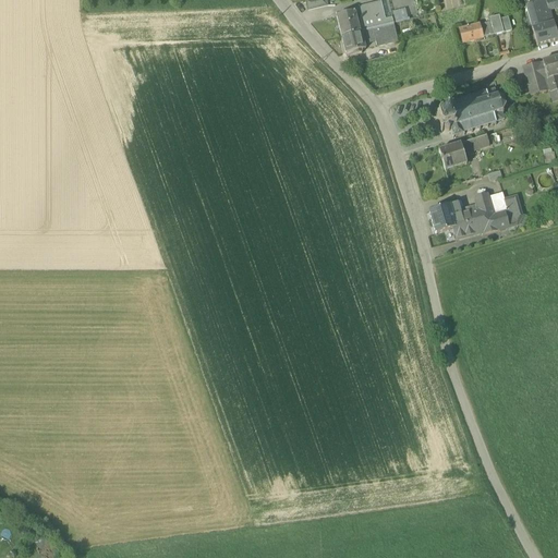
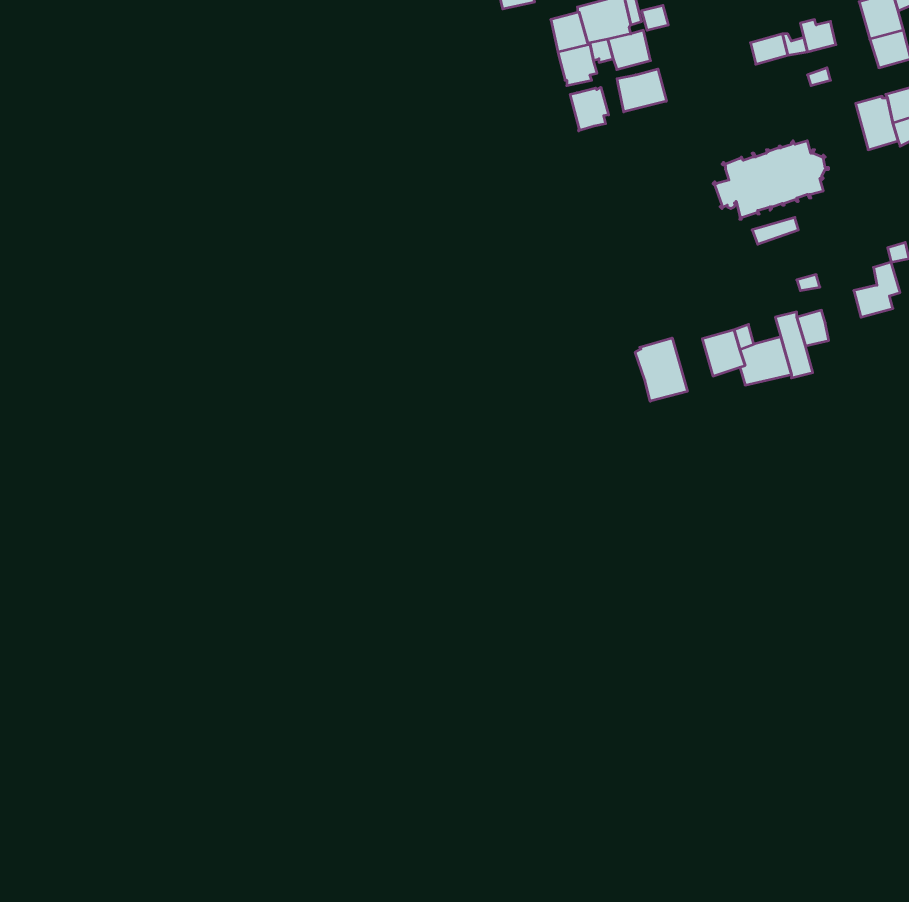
building: none -> [617,69,666,112]
building: none -> [570,87,609,131]
building: [439,141,468,167] -> none
building: [494,194,522,228] -> [854,262,900,317]
building: none -> [635,338,687,401]

